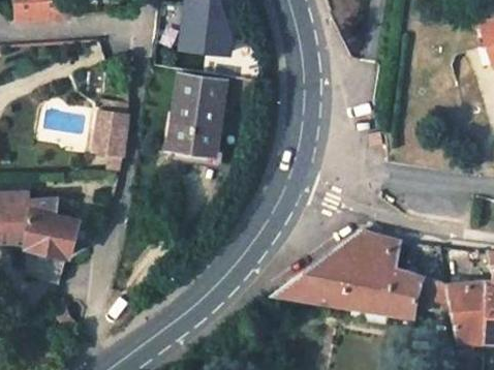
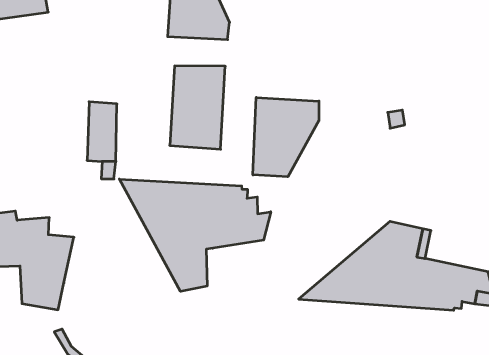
building: none -> [253,97,319,177]
building: none -> [119,179,271,291]

